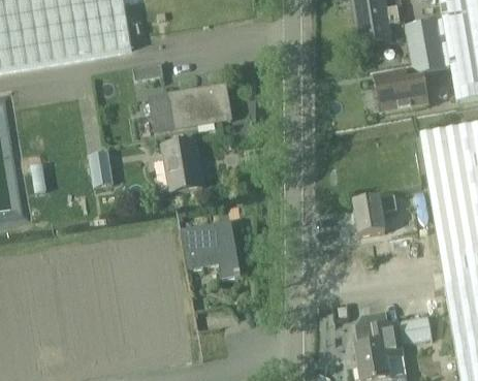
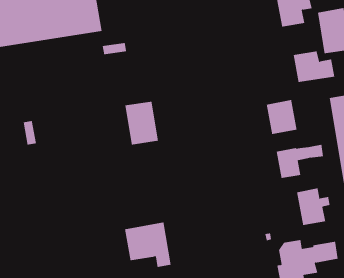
building: [149,85,231,131] -> none
building: none -> [266,99,297,135]
building: [89,153,111,186] -> none
building: [180,220,240,278] -> [124,222,171,267]
building: none -> [296,187,330,226]

